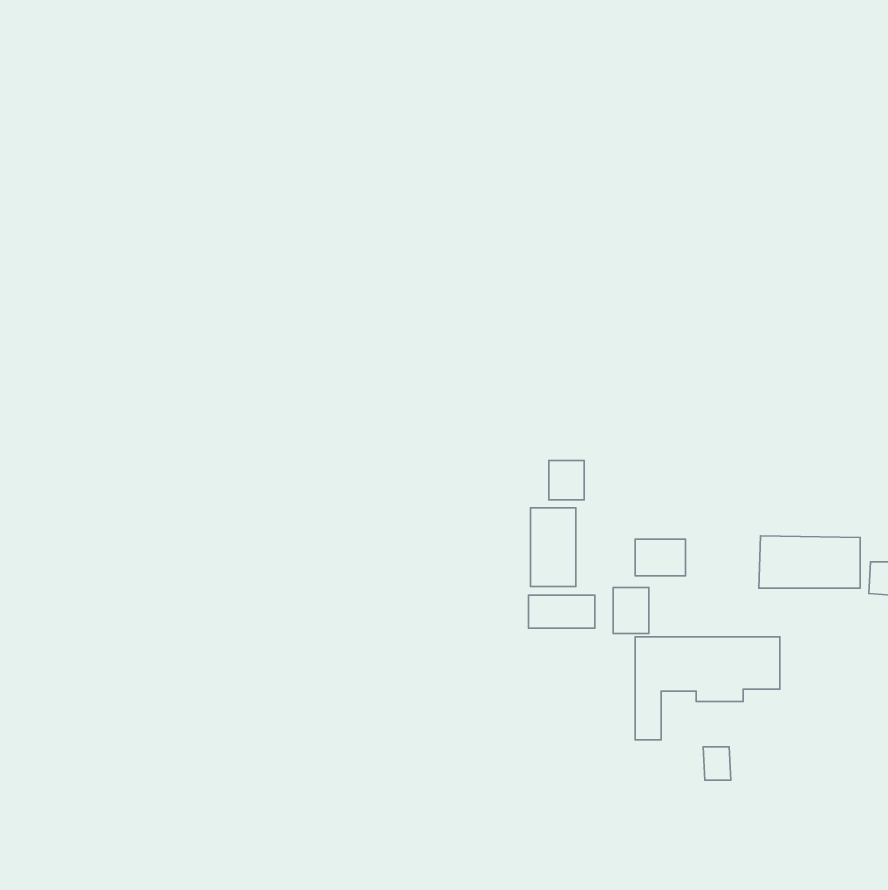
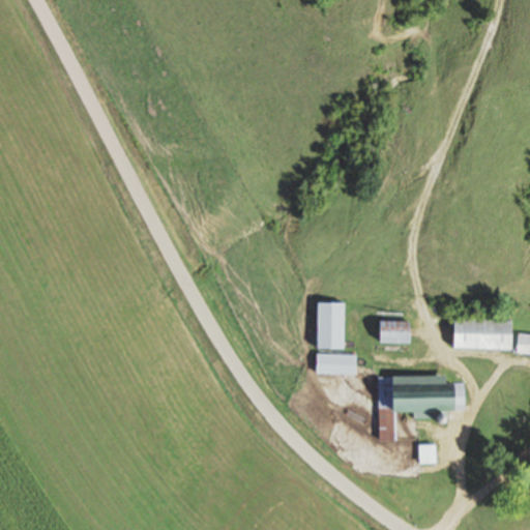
building: [549,461,584,500] -> none
building: [613,587,649,634] -> none

